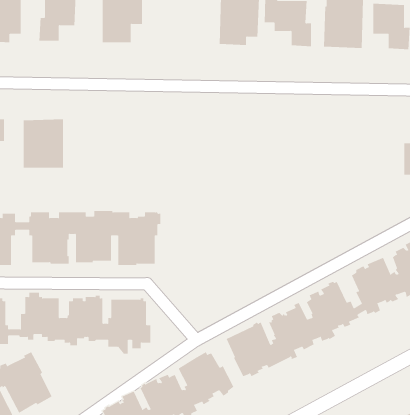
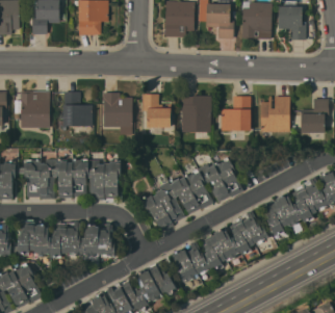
building: none -> [62,93,93,127]
building: none -> [103,93,132,134]
building: none -> [141,94,170,128]
building: none -> [180,96,210,132]
building: none -> [221,97,251,131]
building: none -> [260,97,289,132]
building: none -> [141,159,242,232]

